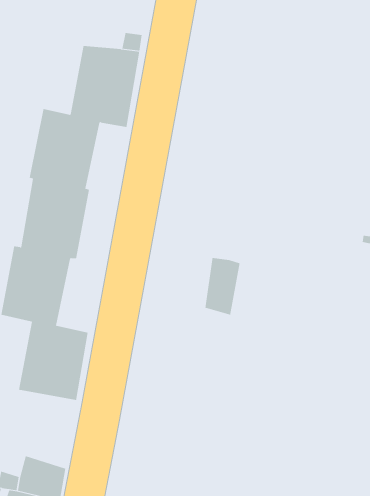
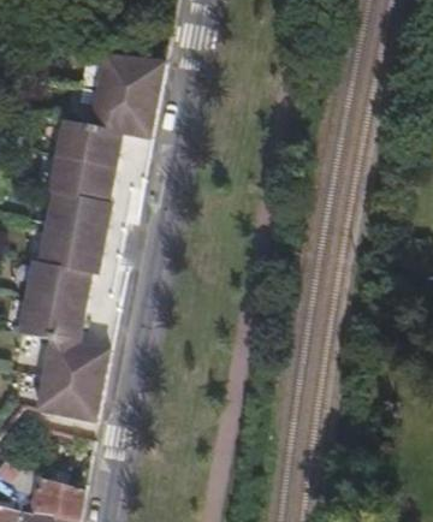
building: [205,257,240,315] -> none

